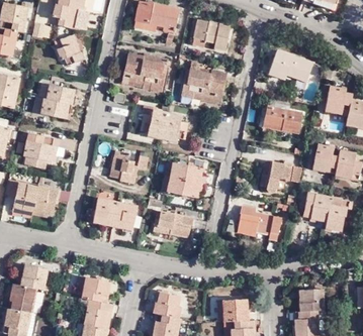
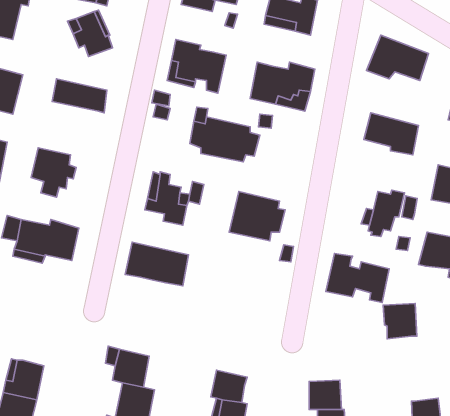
building: [33,97,73,119] -> none
building: [158,211,195,238] -> none
building: [18,263,46,289] -> none
building: [297,288,322,313] -> [383,304,417,339]

